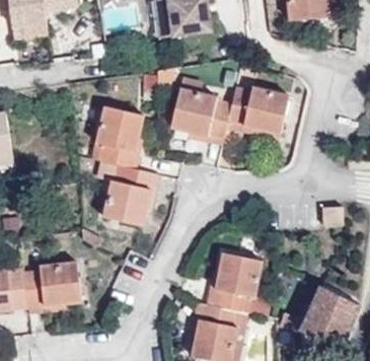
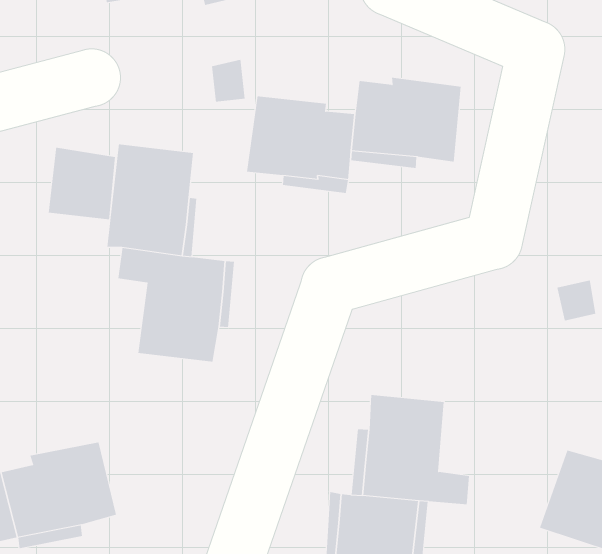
building: none -> [48,147,115,220]

